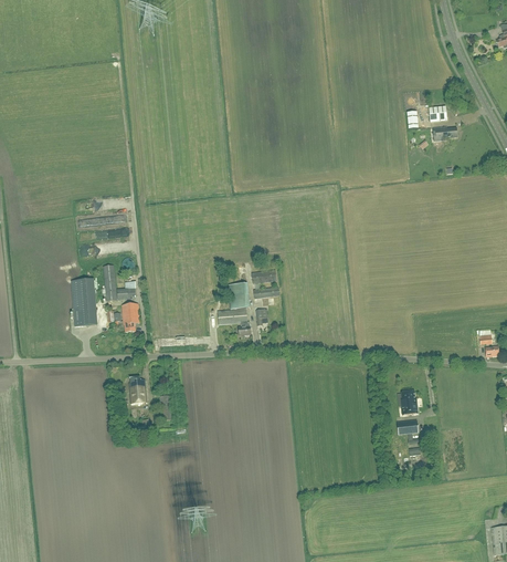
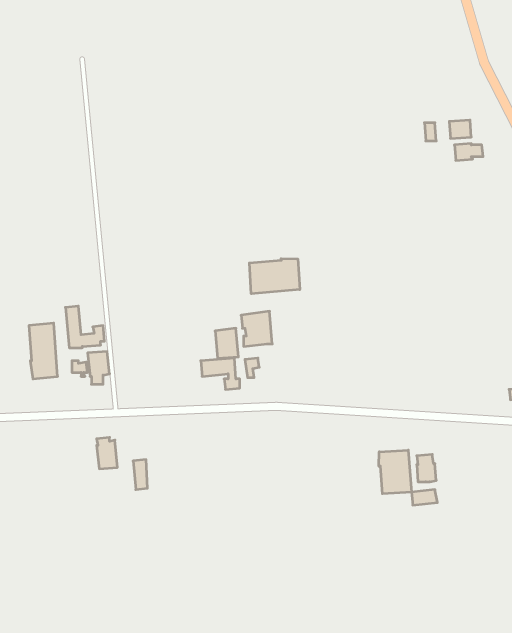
building: none -> [249,259,300,294]
building: none -> [379,450,411,494]

